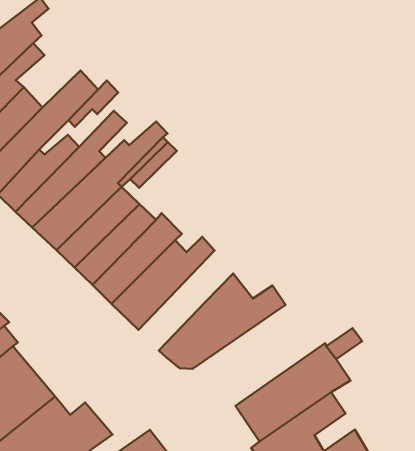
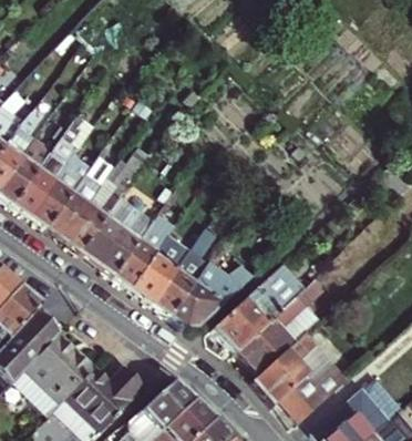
building: none -> [152,228,217,318]
building: none -> [212,263,302,351]

